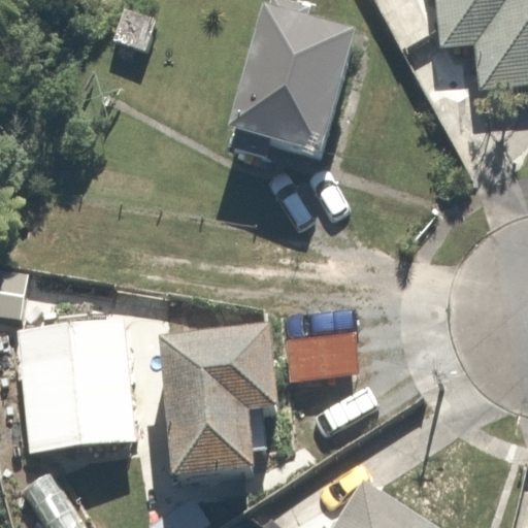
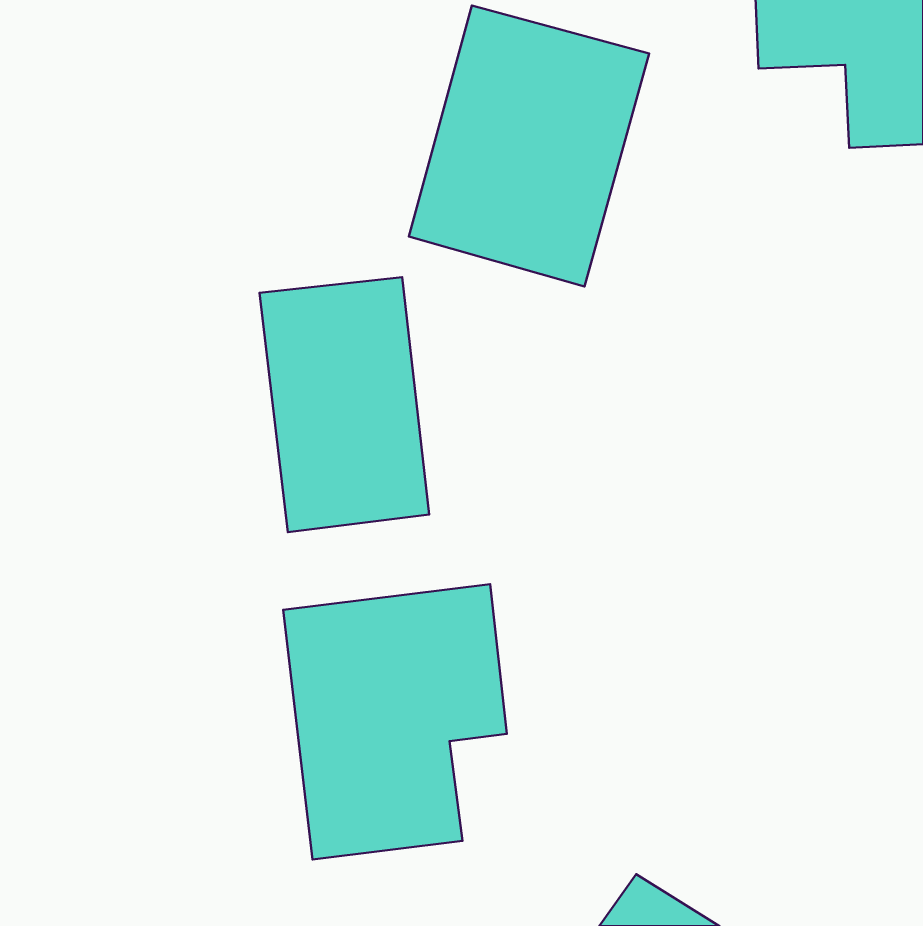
building: none -> [259,277,429,532]
building: [16,308,143,454] -> none

